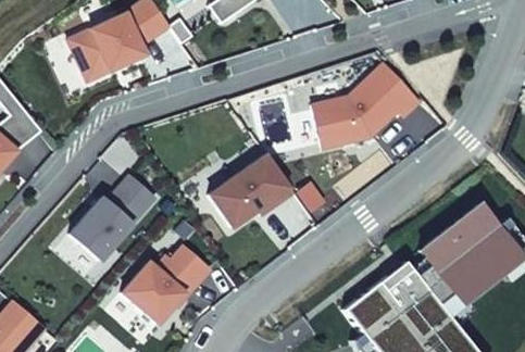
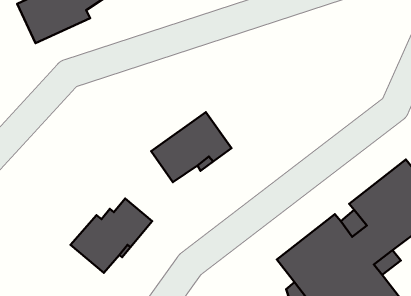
building: [309,63,421,147] -> none
building: [70,171,155,260] -> none

